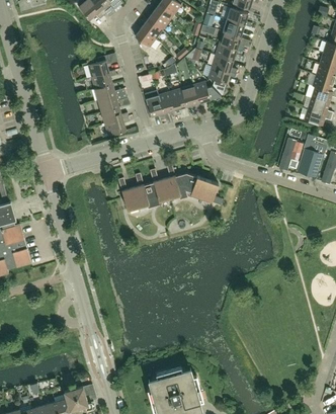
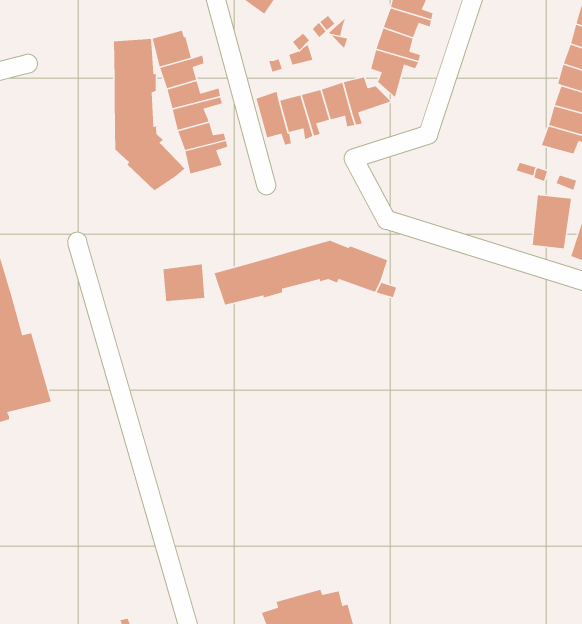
building: none -> [113,38,186,191]
building: [279,141,304,173] -> none
building: none -> [163,264,205,302]

